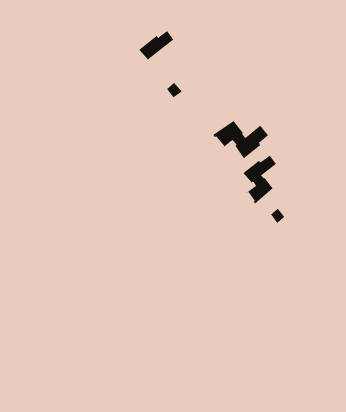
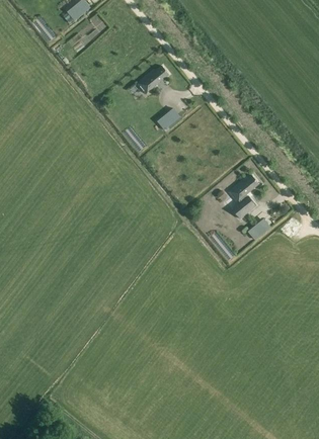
building: [212,120,269,159] -> none

